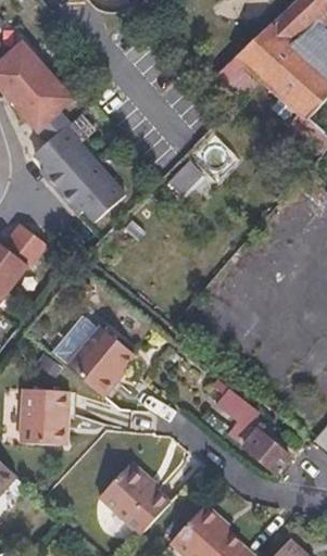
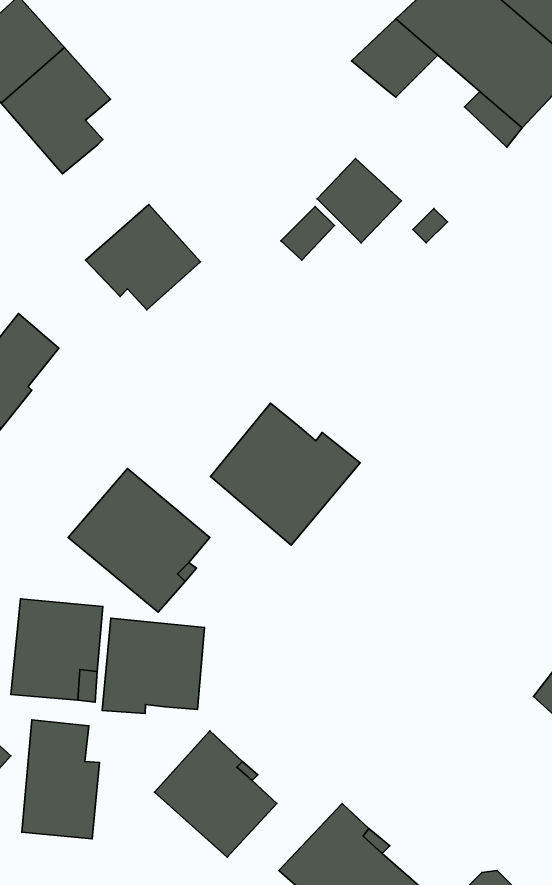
building: [35,128,96,193] -> none
building: none -> [210,403,360,545]
building: [216,380,291,473] -> none
building: none -> [102,618,204,714]
building: none -> [22,720,100,839]

